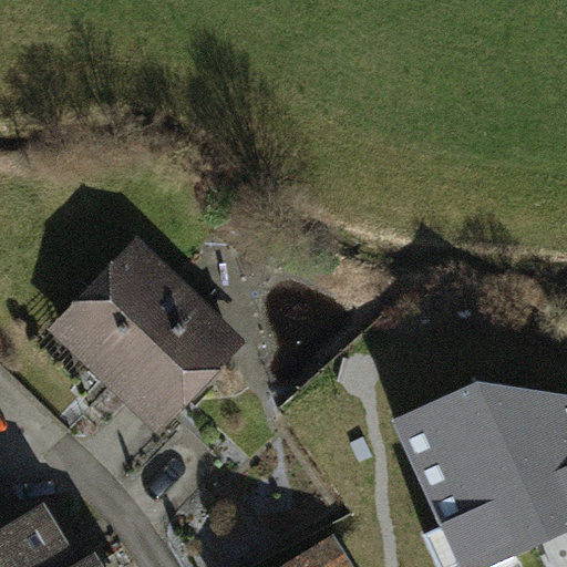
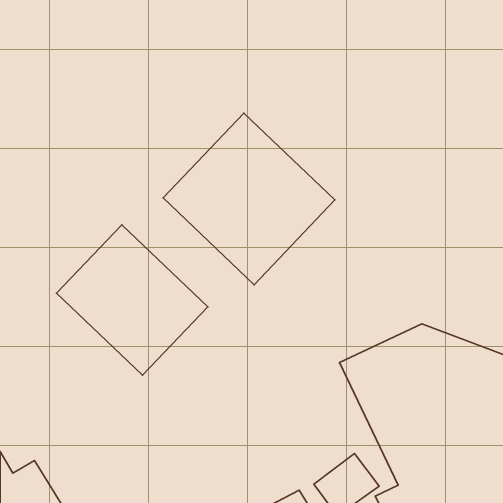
building: none -> [163,113,335,285]

